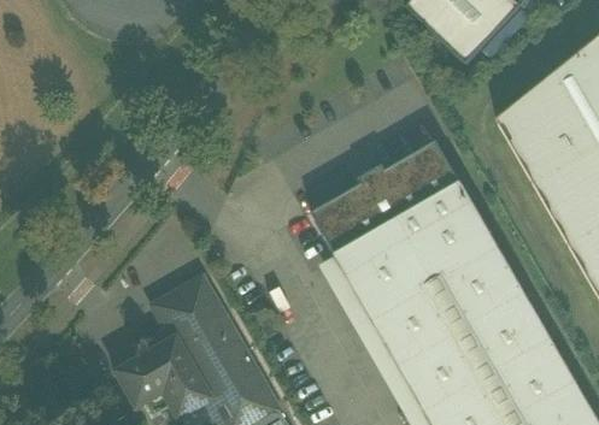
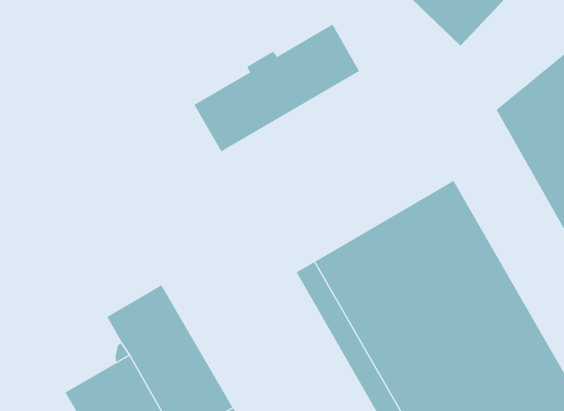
building: [312,140,460,254] -> [194,24,360,152]

